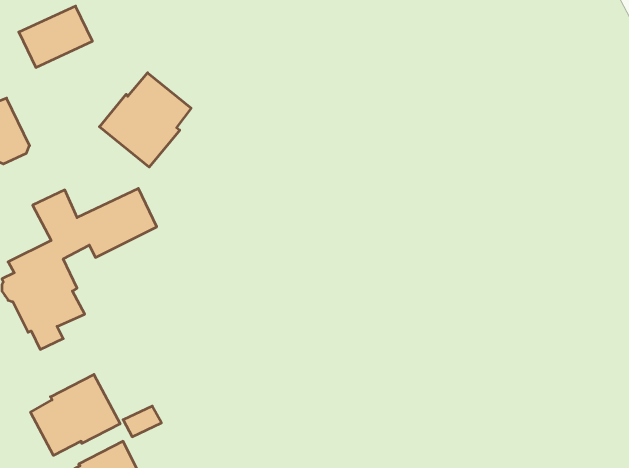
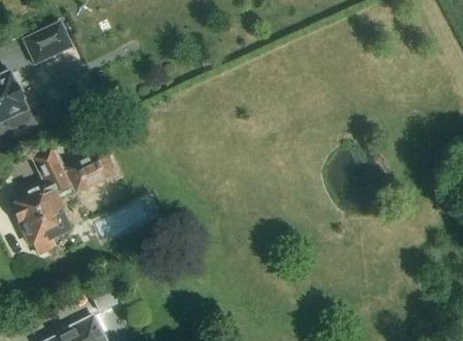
building: [99,73,191,167] -> none
building: [31,374,120,455] -> none

